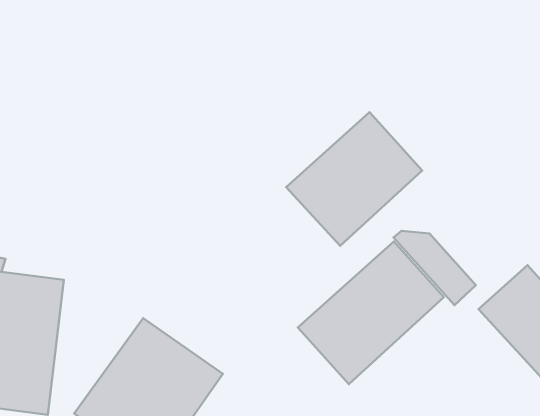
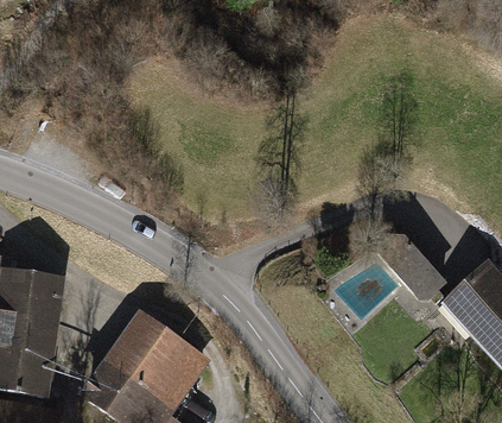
building: [286,112,422,246] -> none
building: [298,241,444,384] -> none

